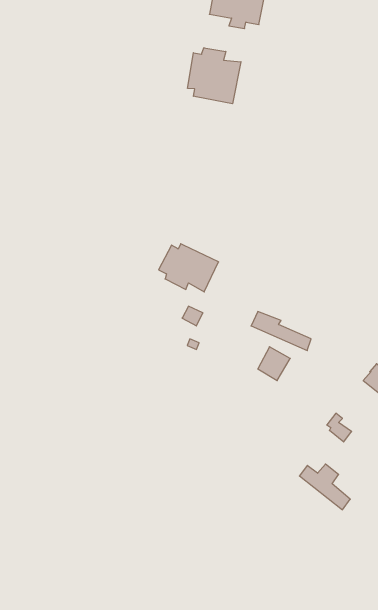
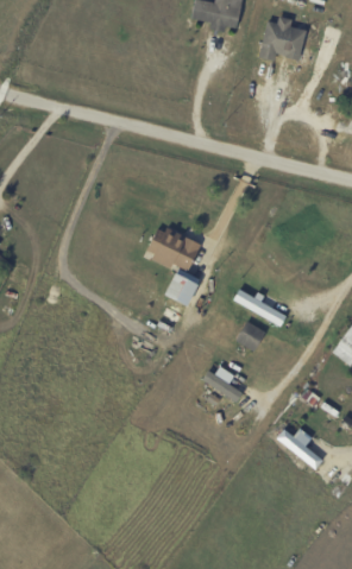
building: none -> [260,15,308,61]
building: [188,48,241,104] -> none
building: none -> [201,366,243,402]

